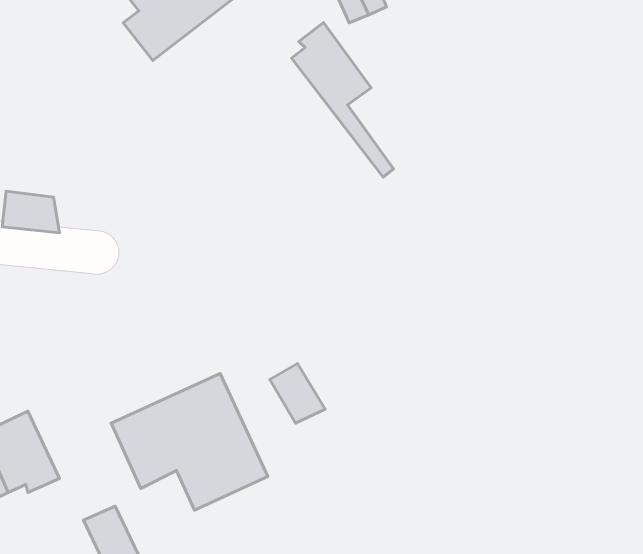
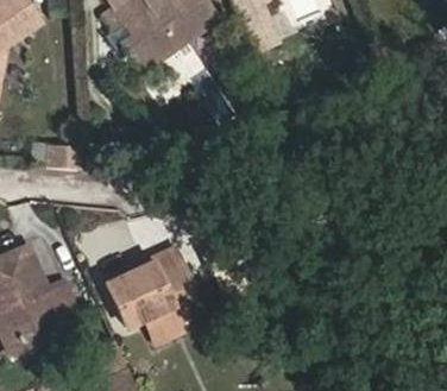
building: [291,23,394,177] -> none

